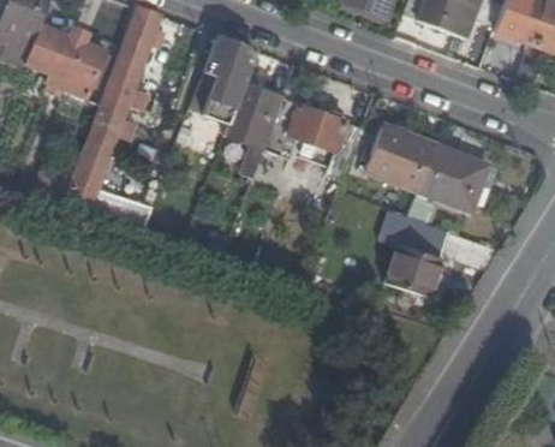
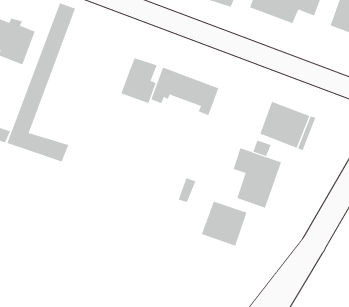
building: [191,36,256,125] -> none
building: [366,126,436,191] -> none
building: none -> [201,201,247,247]

